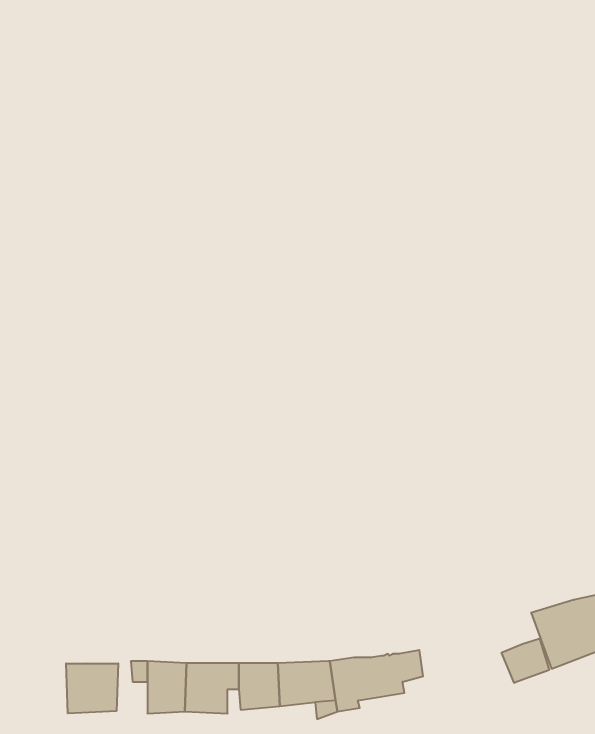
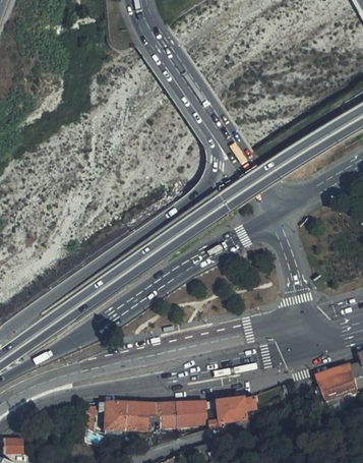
building: [502,639,549,683] -> none
building: [66,663,118,713] -> none

